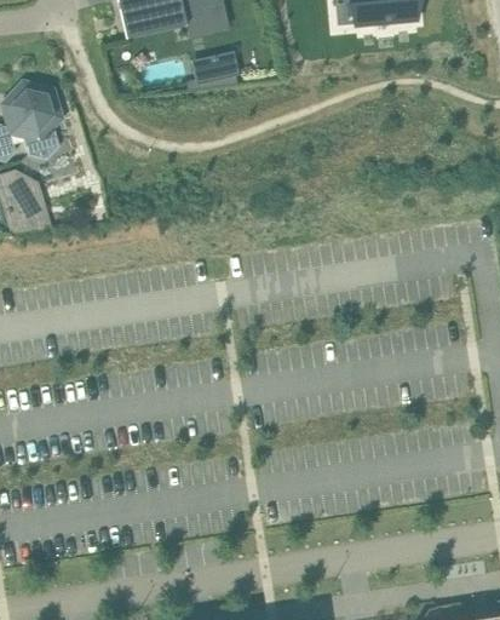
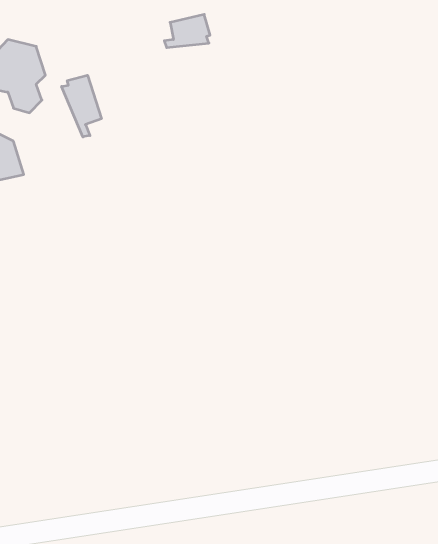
building: none -> [62,75,101,137]

